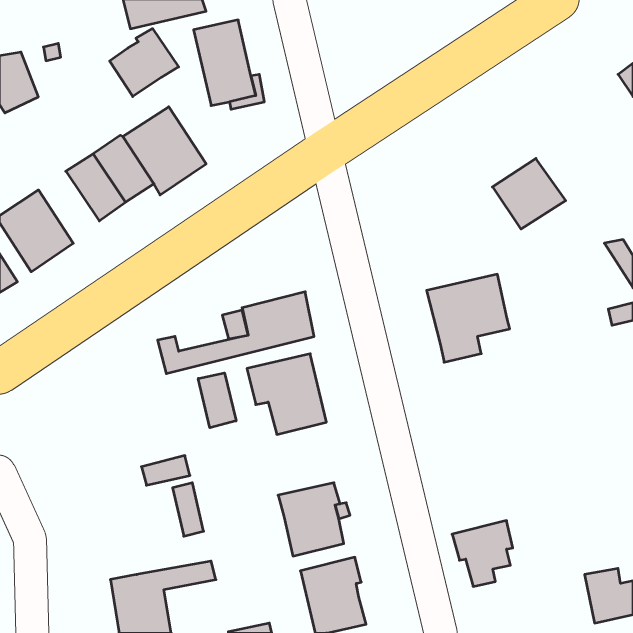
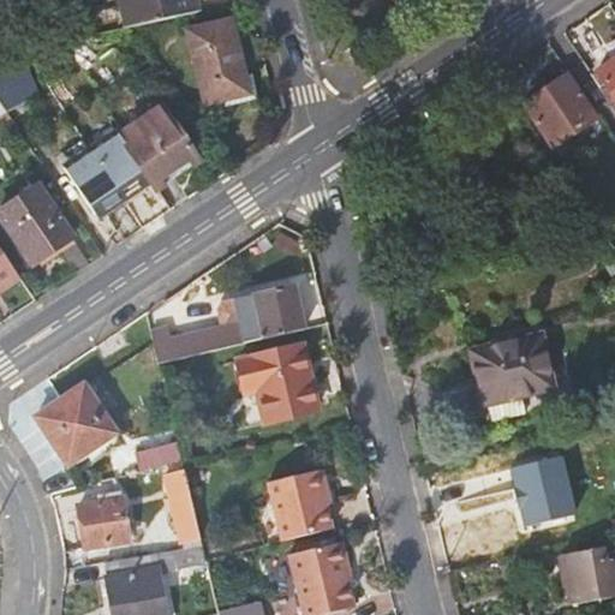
building: [110,29,179,97] -> none
building: [492,158,566,229] -> [523,77,593,145]
building: [427,274,510,362] -> [471,335,551,420]
building: [198,373,236,428] -> none
building: none -> [36,383,118,464]
building: none -> [80,494,132,563]
building: [452,521,513,586] -> [495,459,554,523]

